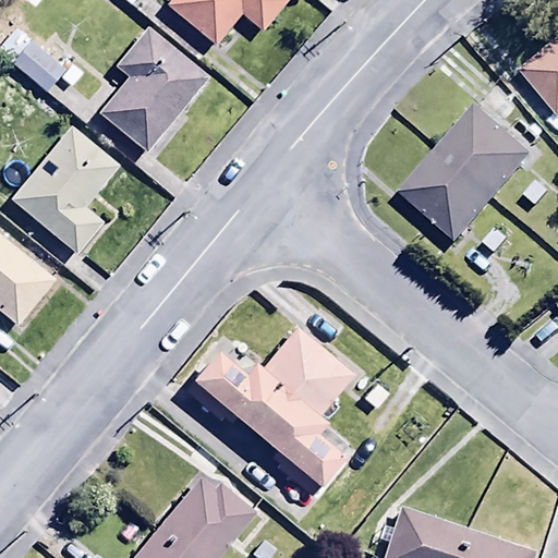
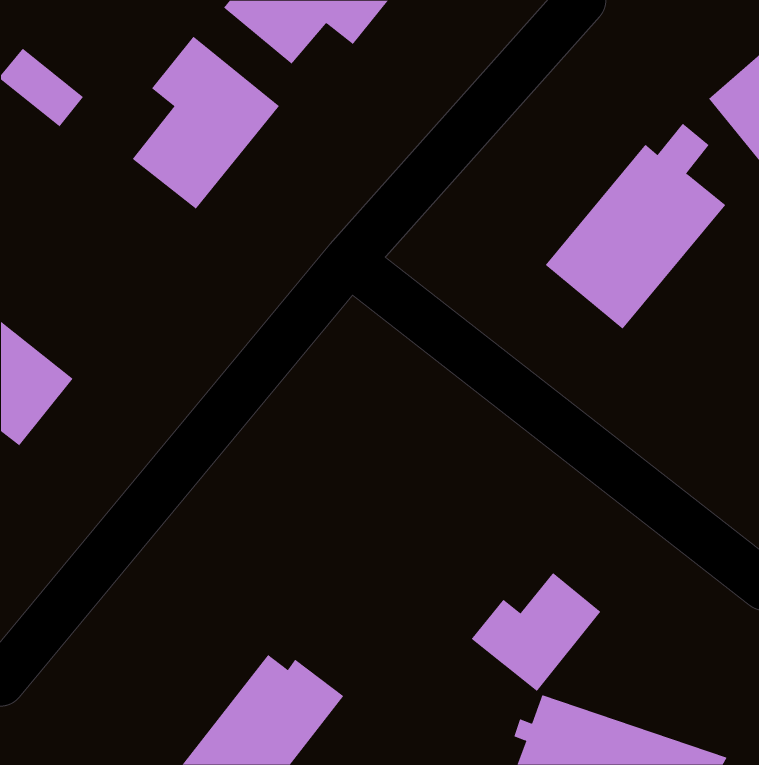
building: [11,126,121,254] -> none
building: [180,328,350,496] -> none
building: none -> [471,572,601,692]

